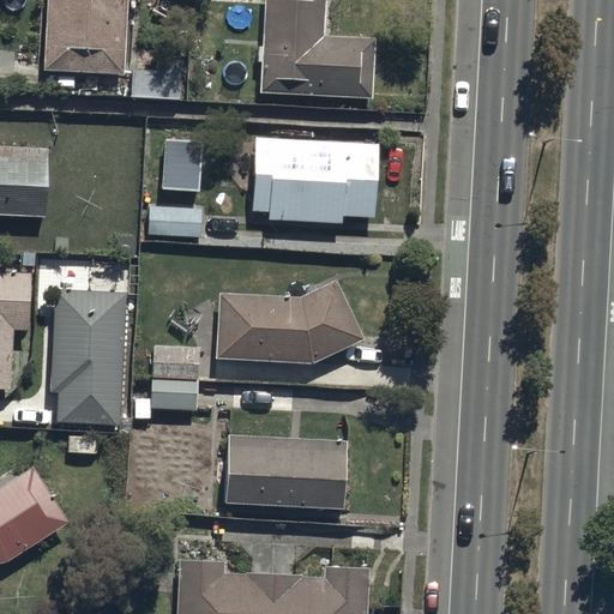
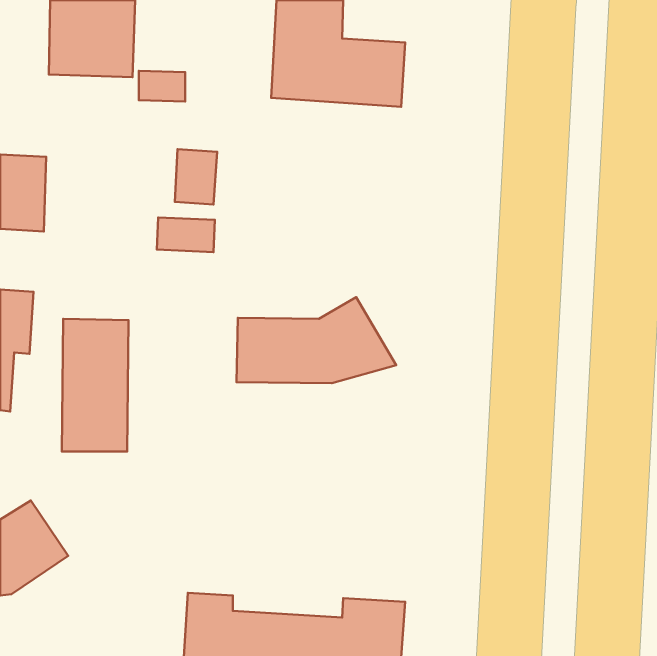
building: [253,137,378,215] -> none
building: [150,349,195,407] -> none
building: [225,439,342,510] -> none

